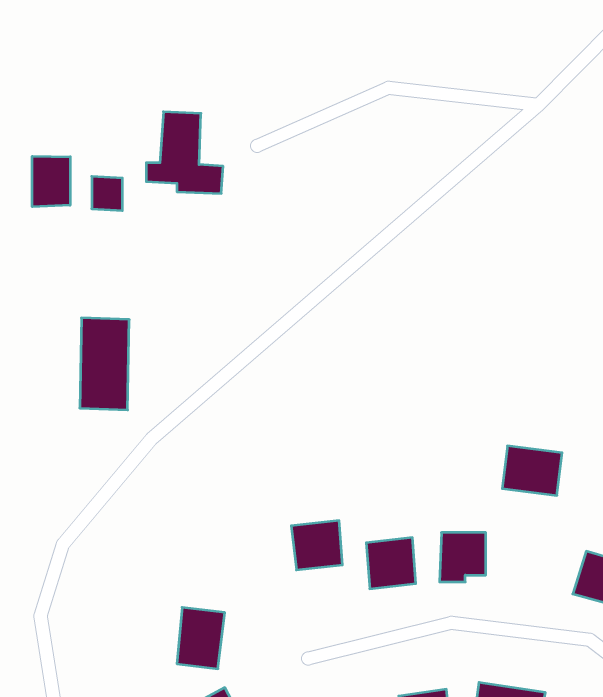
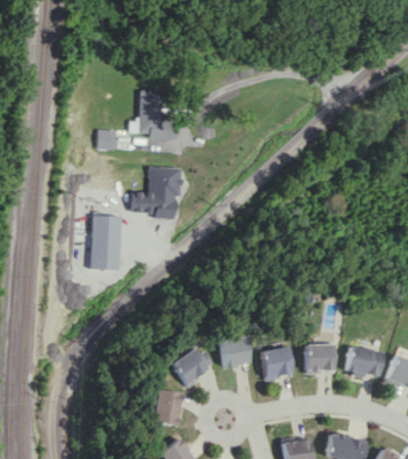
building: [32,156,70,207] -> none
building: none -> [132,167,182,219]
building: [502,446,562,495] -> [348,347,384,377]
building: none -> [168,347,211,385]

